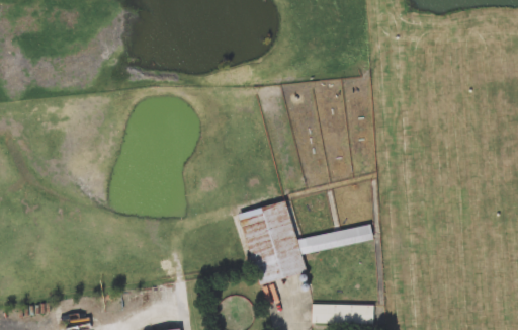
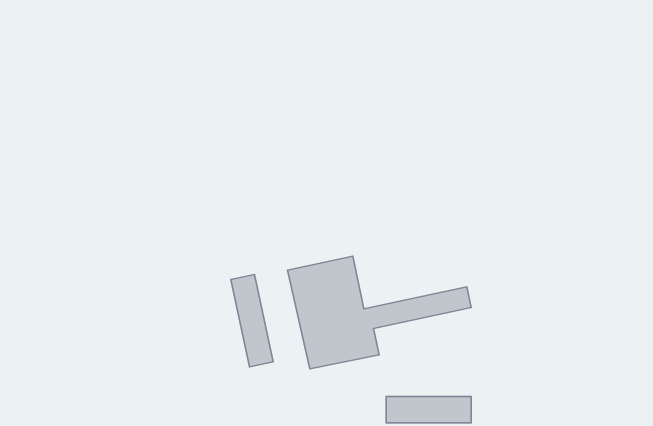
building: none -> [231,275,273,367]

